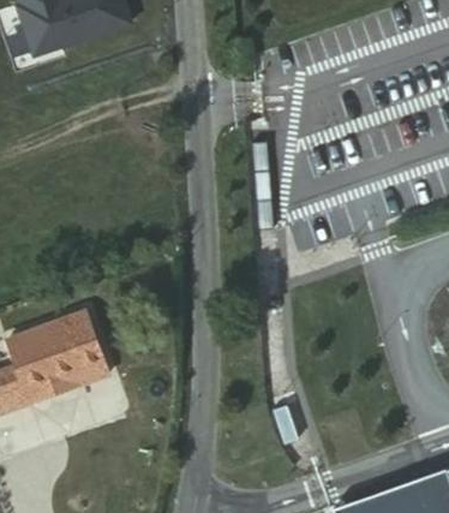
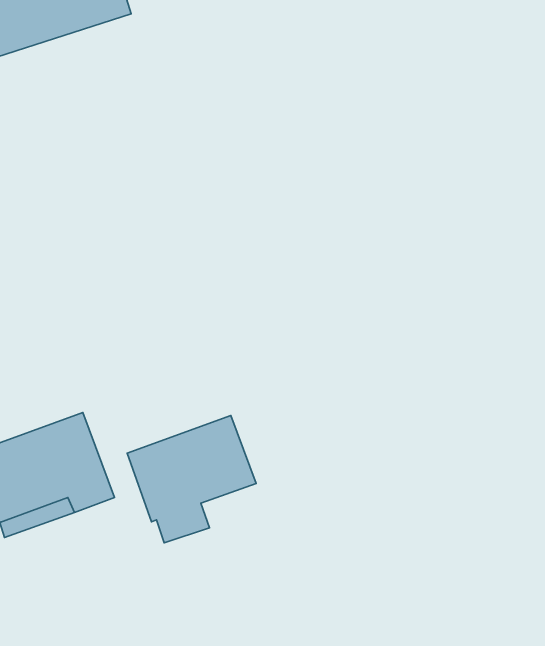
building: none -> [127,415,256,543]

